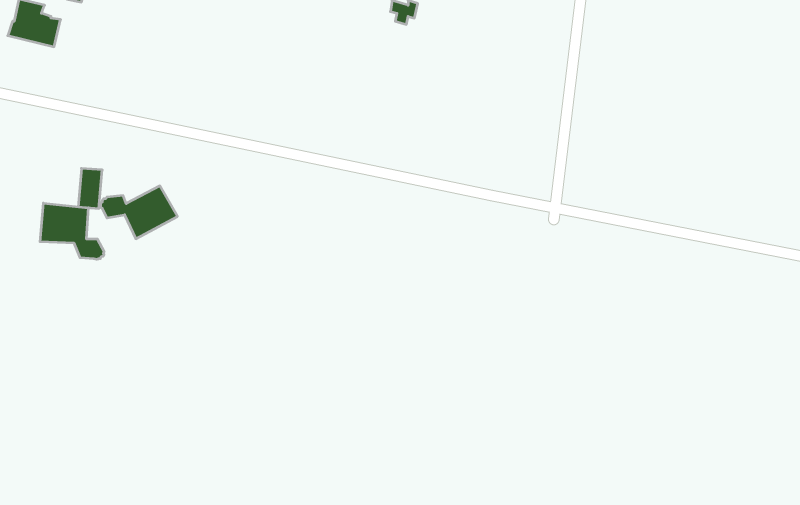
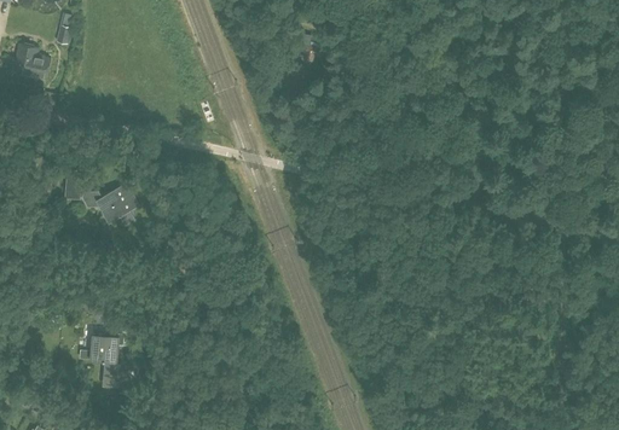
building: [40,203,104,259] -> none
building: none -> [89,333,131,388]

